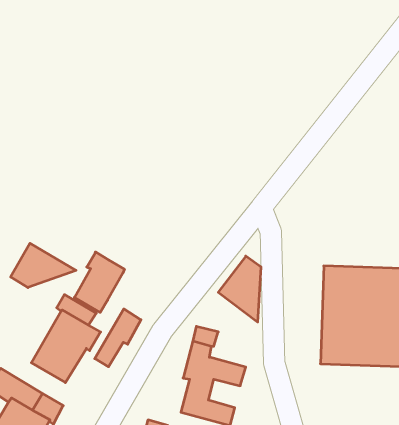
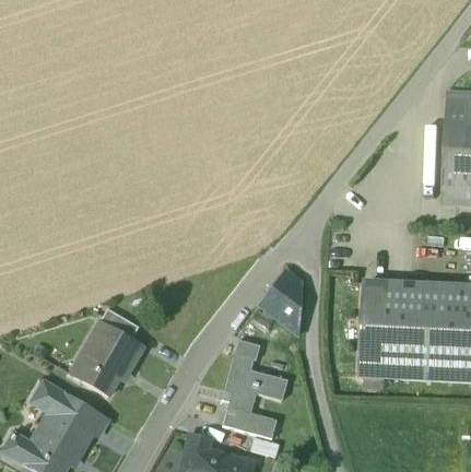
building: [11,243,76,288] -> none
building: [74,252,124,312] -> none
building: [95,309,141,367] -> none

